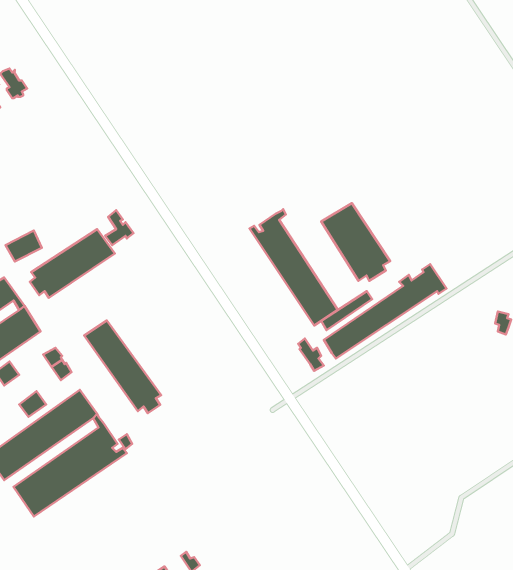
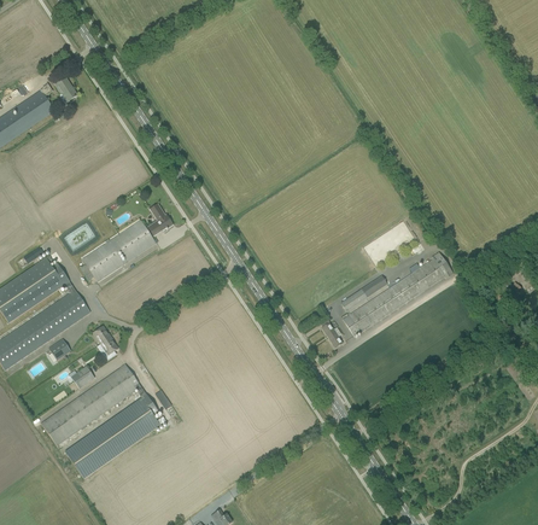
building: [321,203,390,281] -> none
building: [249,209,338,325] -> none
building: [84,321,161,413] -> none

